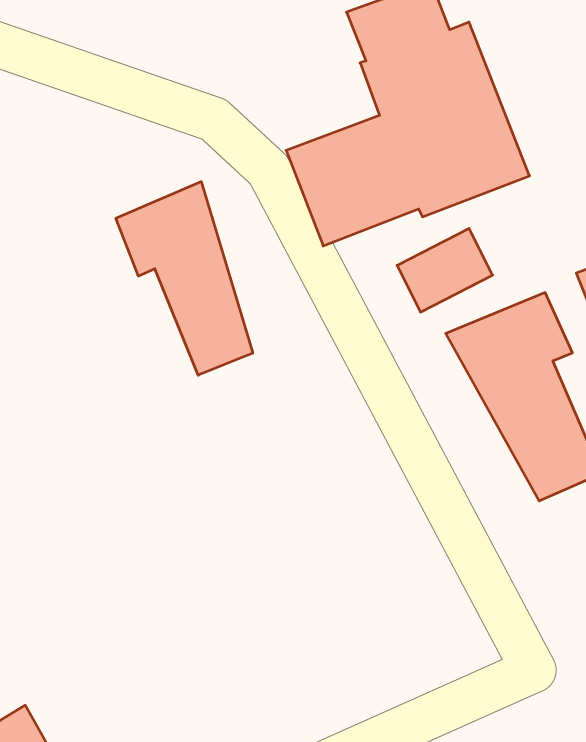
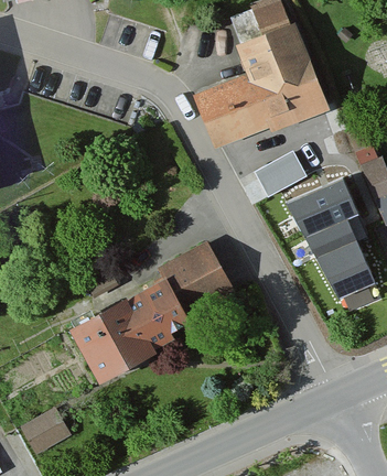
building: [116,182,253,375] -> none
building: none -> [69,238,234,387]

